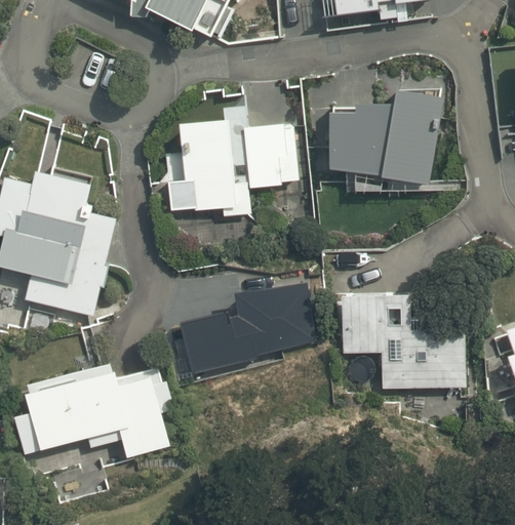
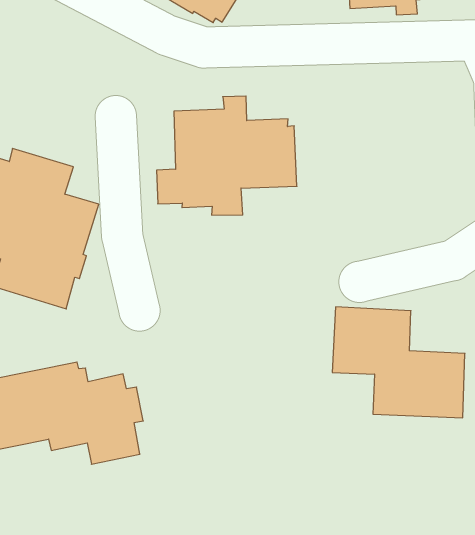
building: [328,90,443,186] -> none
building: [180,281,317,376] -> none

